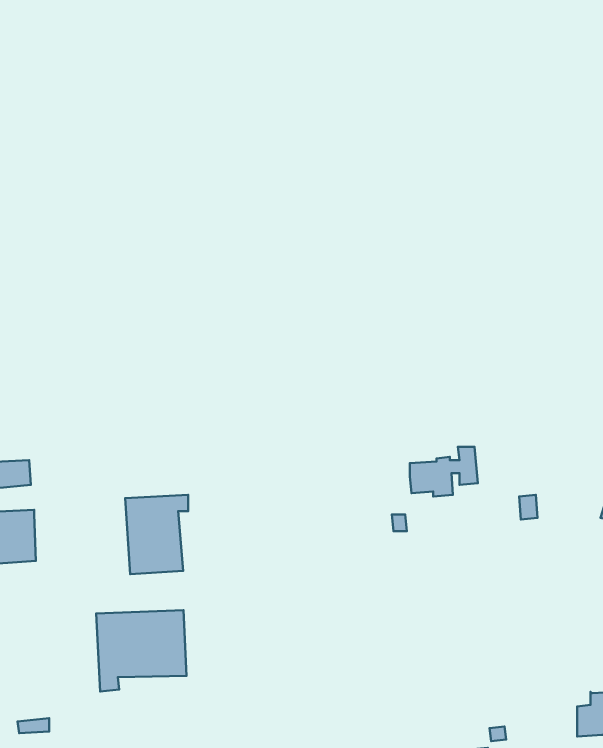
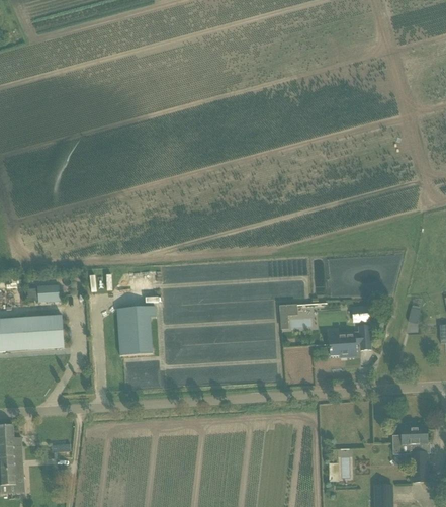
building: [410,447,478,496] -> [330,326,371,356]
building: [96,610,186,692] -> none

